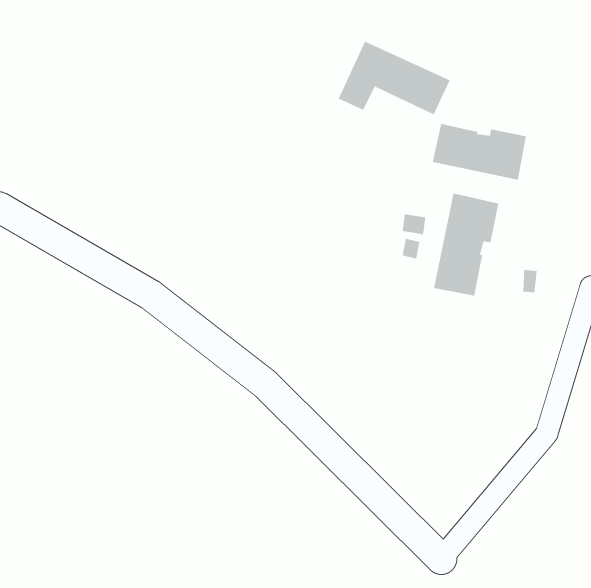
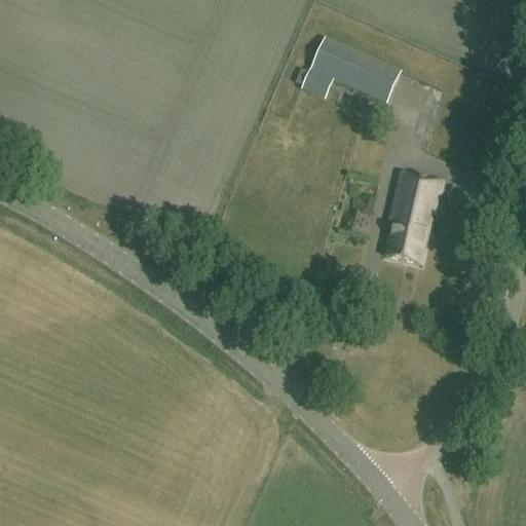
building: [432,123,527,180] -> none

